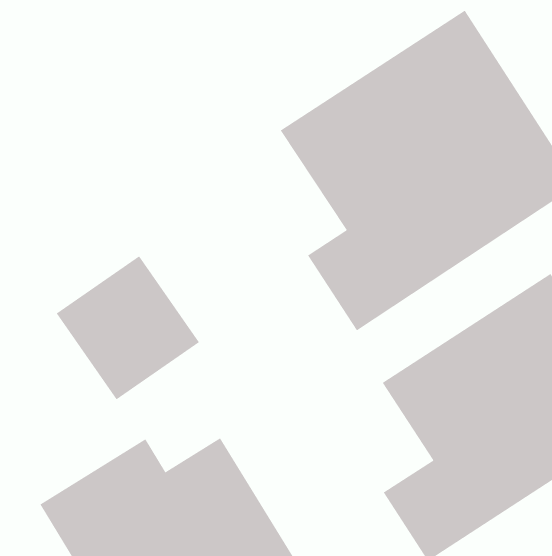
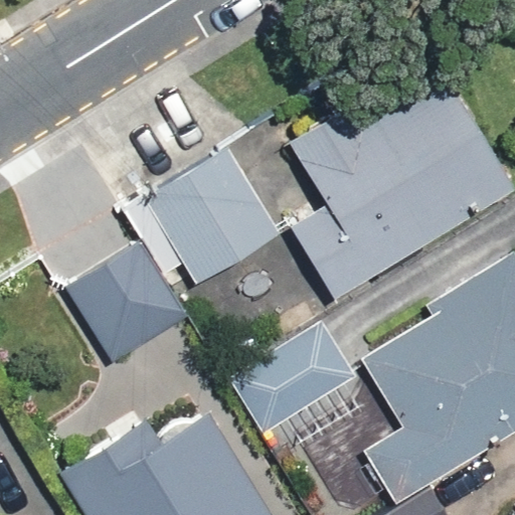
building: none -> [125,136,290,303]
building: none -> [220,318,356,440]

